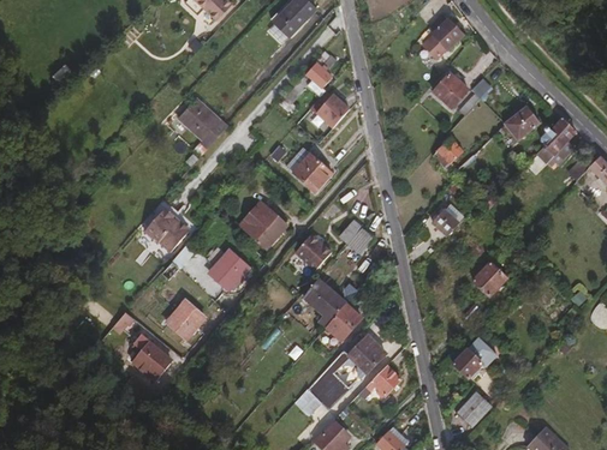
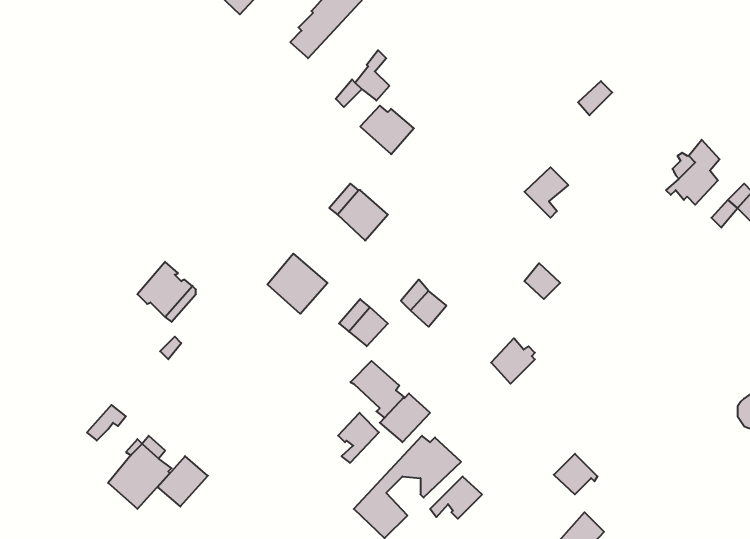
building: [421,19,464,49] -> none
building: [435,73,469,107] -> none
building: [179,98,227,146] -> none
building: [502,106,541,138] -> none
building: [212,250,249,288] -> none
building: [475,262,507,295] -> [491,338,535,384]
building: [167,300,204,337] -> [157,456,208,507]
building: none -> [338,413,379,463]

